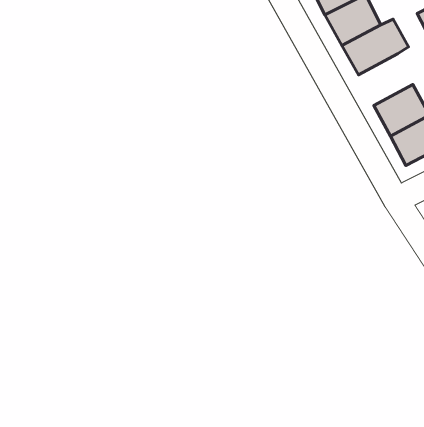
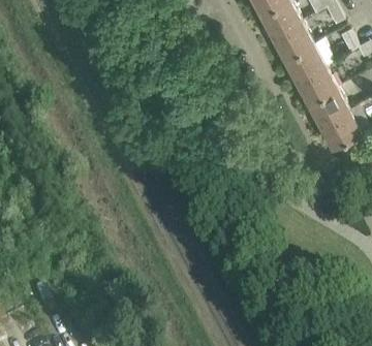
building: none -> [296,64,336,102]

